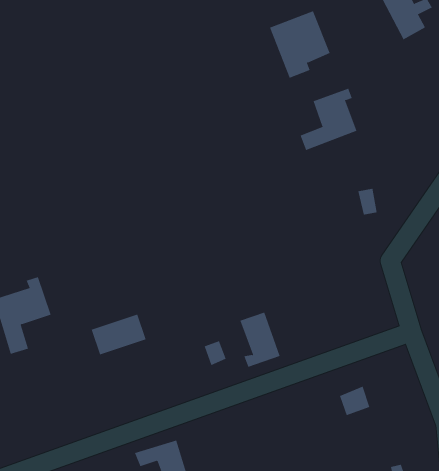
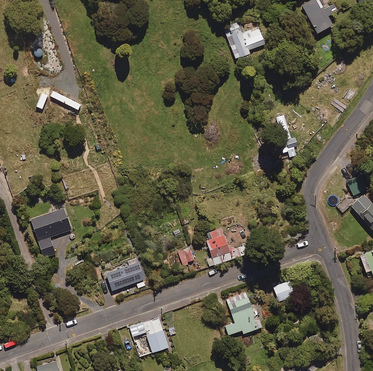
building: [300,88,357,151] -> none
building: [91,314,146,355] -> [105,261,144,290]
building: none -> [225,293,262,335]

